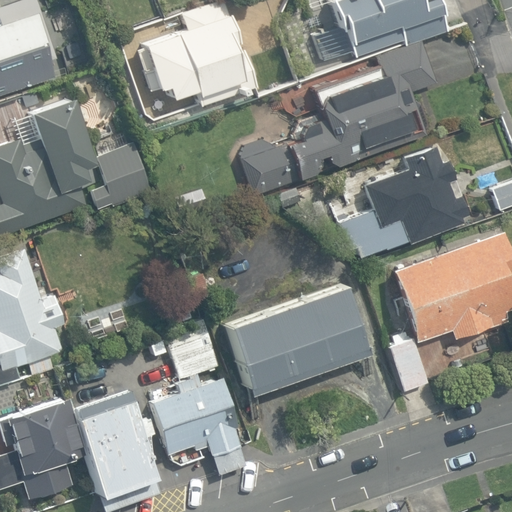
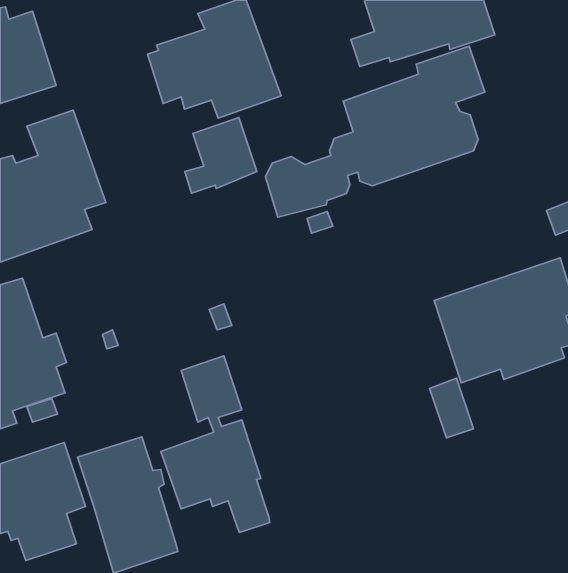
building: [89,143,153,210] -> [185,118,257,193]
building: [337,143,469,257] -> none
building: [227,283,370,395] -> none

